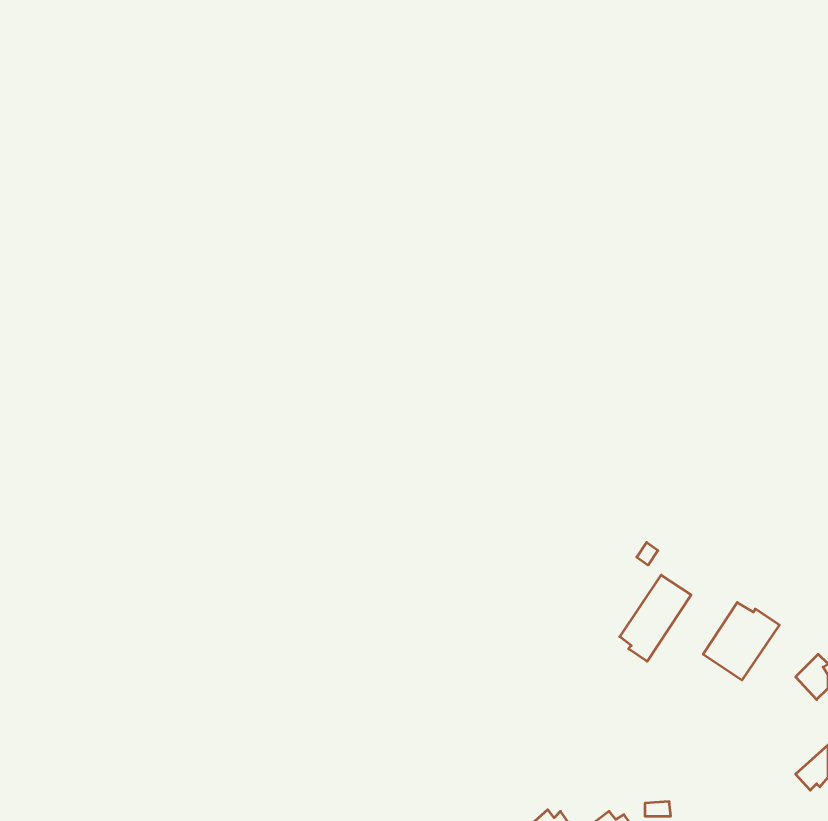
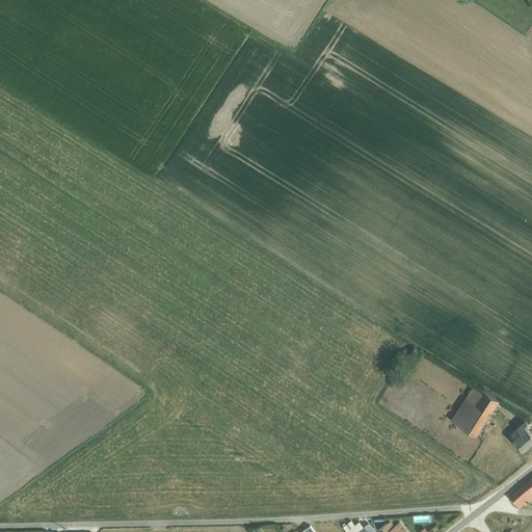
building: [620,575,691,661] -> none

